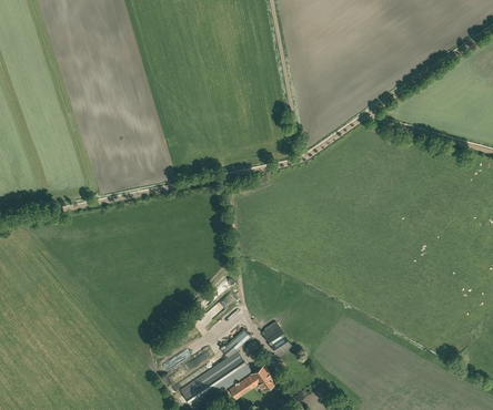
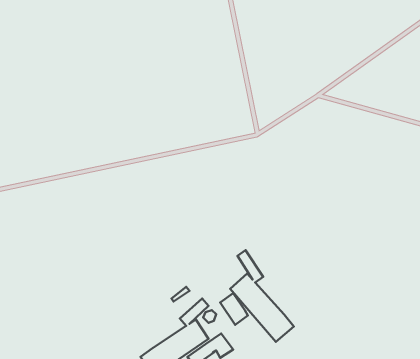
building: none -> [230,250,294,342]

